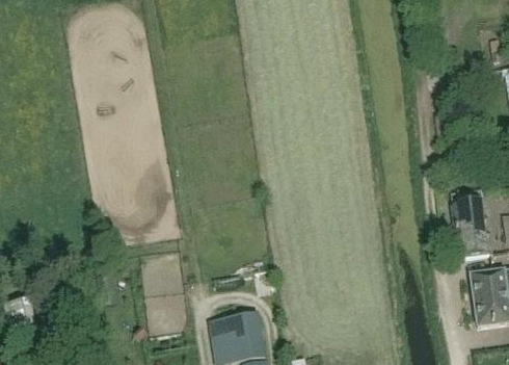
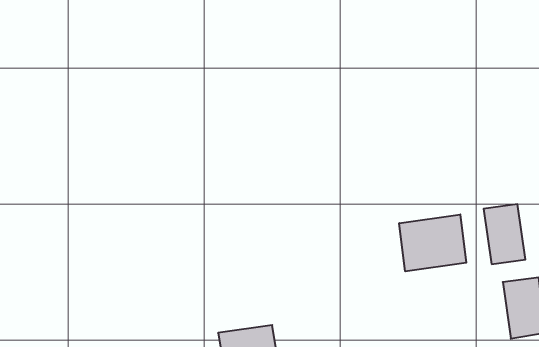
building: none -> [399,214,466,271]

